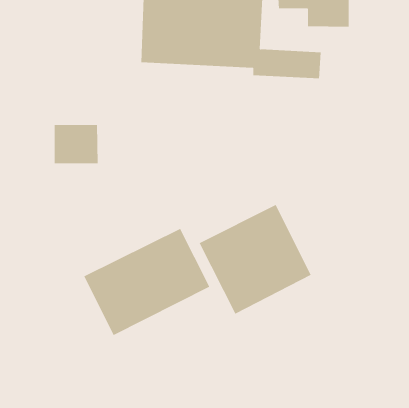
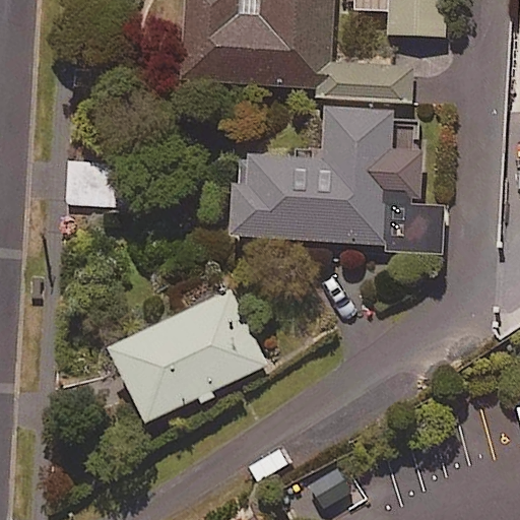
building: none -> [226,108,445,247]
building: [199,204,312,315] -> none

